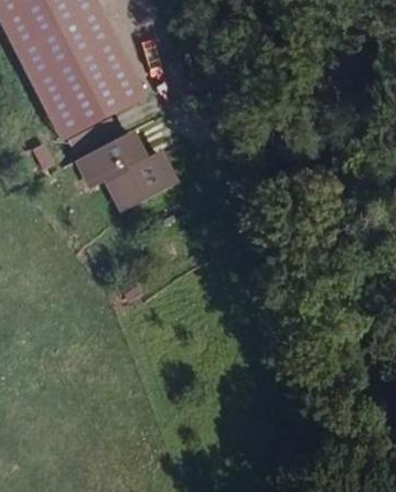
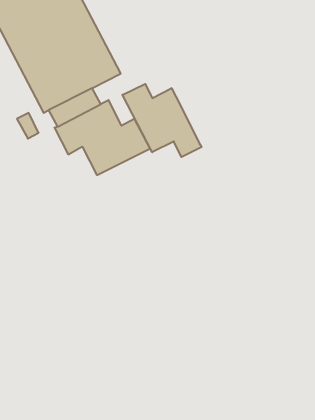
building: none -> [122,84,202,157]

